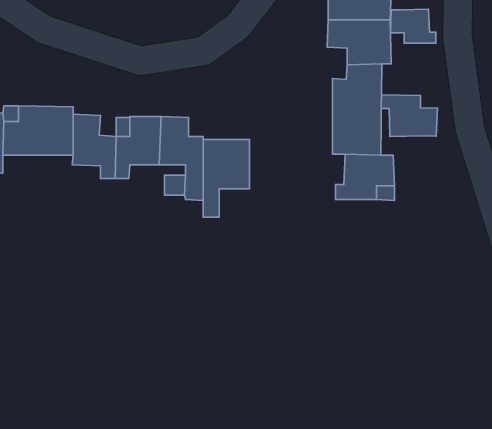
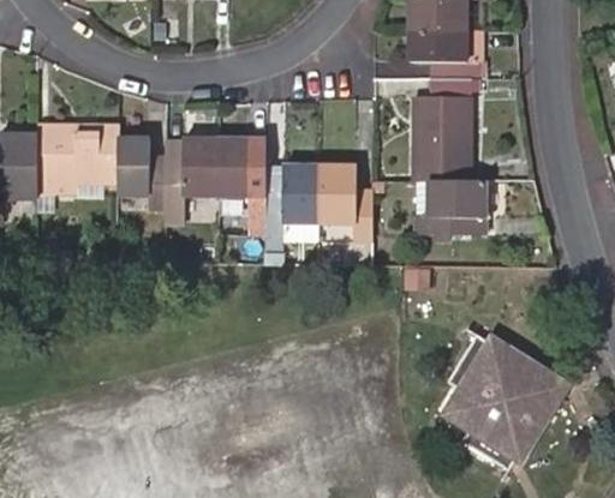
building: [390,9,436,43] -> none
building: [381,95,437,137] -> none
building: none -> [320,164,372,235]
building: none -> [449,335,566,472]

